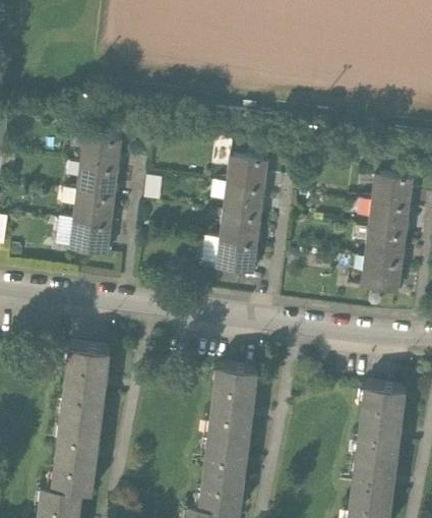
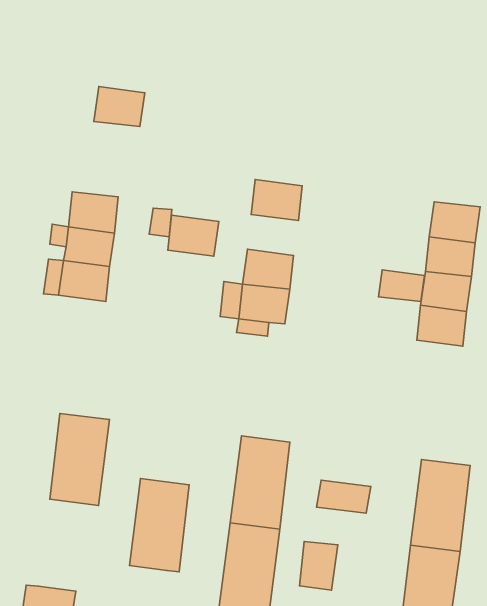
building: [80,135,122,168] -> [94,87,145,126]
building: [224,182,265,216] -> [168,215,219,256]
building: none -> [378,270,425,302]
building: none -> [317,480,371,513]
building: [53,415,102,492] -> [129,479,189,572]
building: none -> [299,541,338,590]

